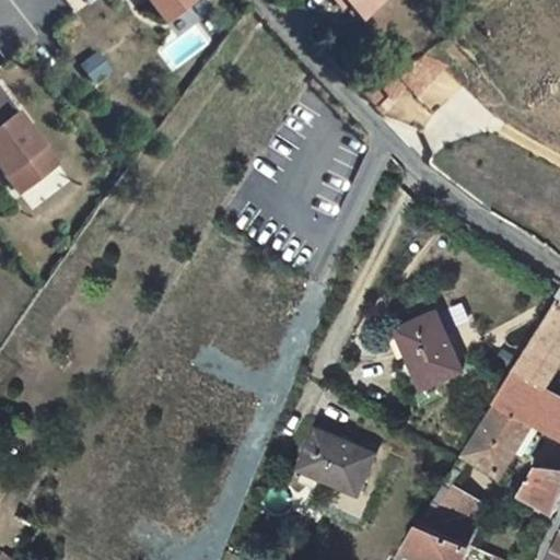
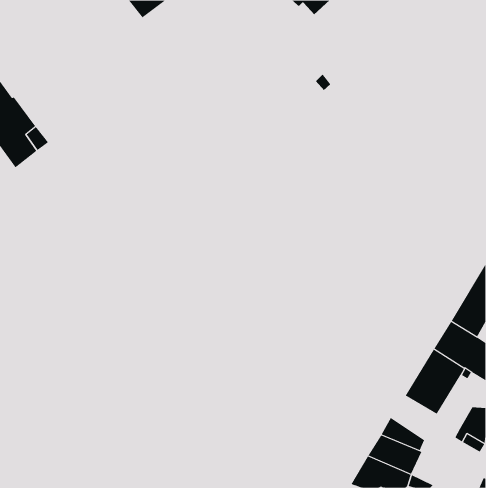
building: [396,313,463,388] -> none
building: [300,431,376,493] -> none

